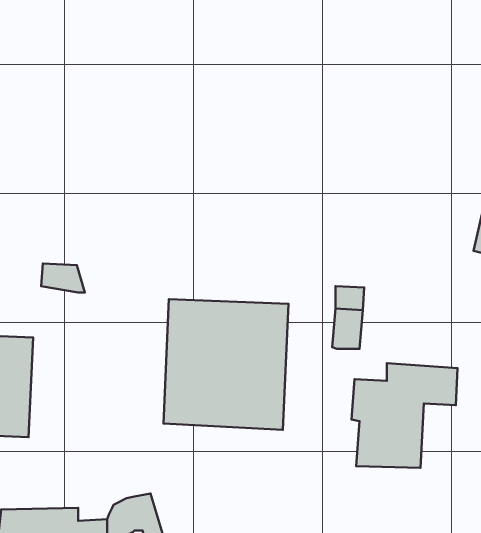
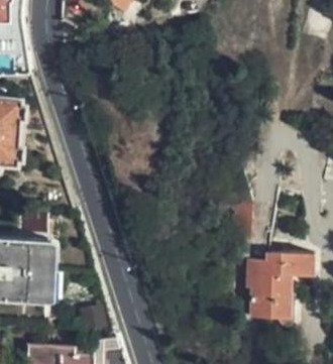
building: [163,299,288,430] -> none

